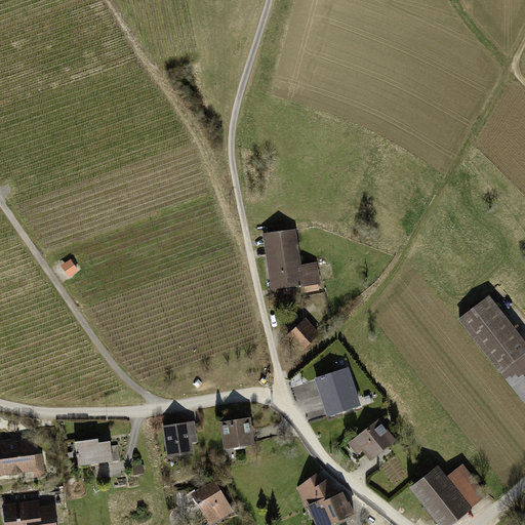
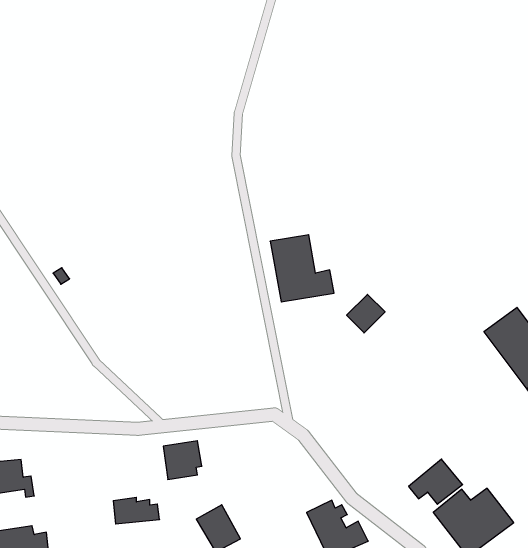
building: [285,317,321,353] -> [347,294,385,333]
building: [315,368,361,416] -> none
building: [218,417,249,446] -> none
building: [348,417,398,459] -> [409,459,463,504]
building: [73,439,116,463] -> [113,497,160,524]

